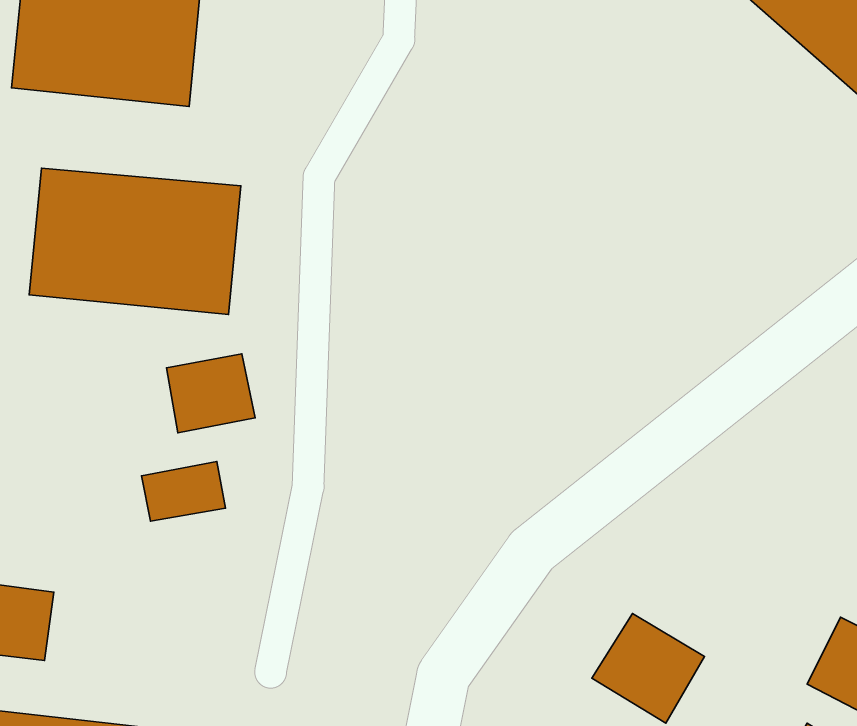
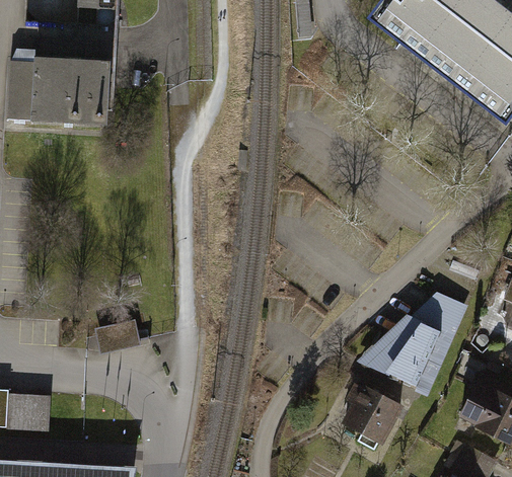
building: [29,168,241,315] -> none
building: [166,354,255,433] -> none
building: none -> [358,296,467,396]

